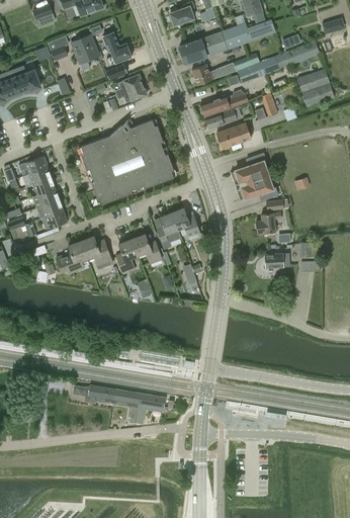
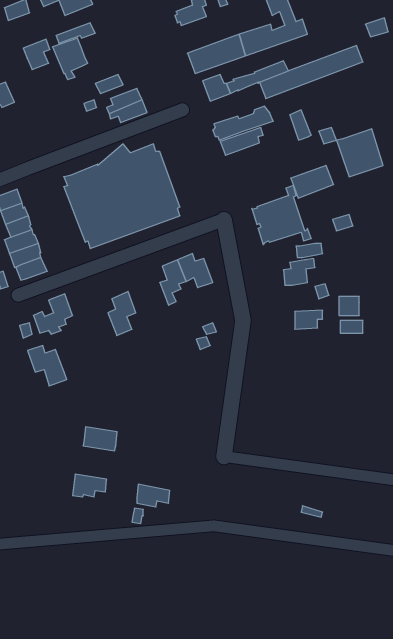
building: [94,31,132,64] -> none
building: [296,68,334,106] -> [336,129,383,177]
building: [216,122,251,149] -> [291,165,334,198]
building: [132,233,162,263] -> none
building: [81,236,112,268] -> [28,346,67,386]
building: [112,388,140,408] -> [83,427,117,451]

